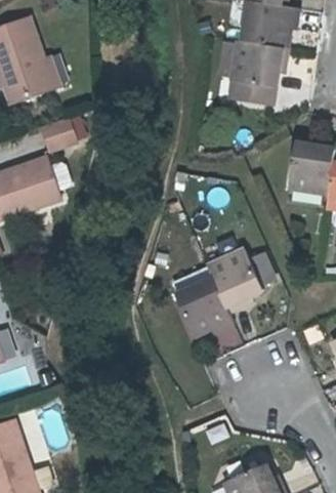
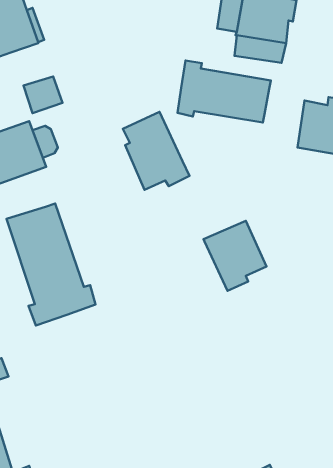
building: none -> [177,61,271,123]
building: none -> [6,204,96,326]
building: [171,264,230,334] -> [123,112,189,190]

